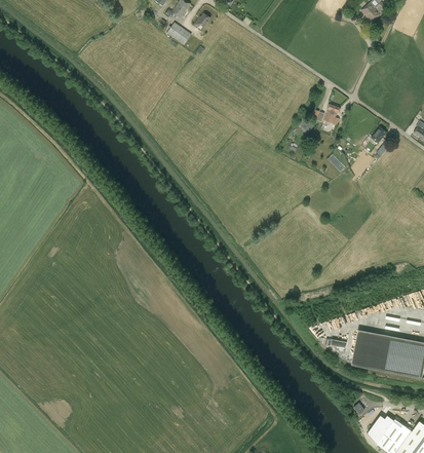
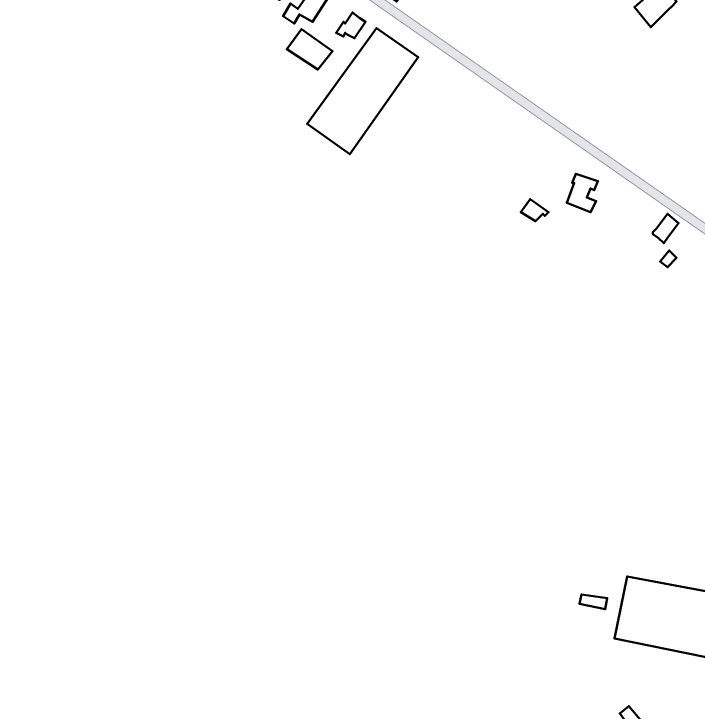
building: none -> [307,28,418,154]

